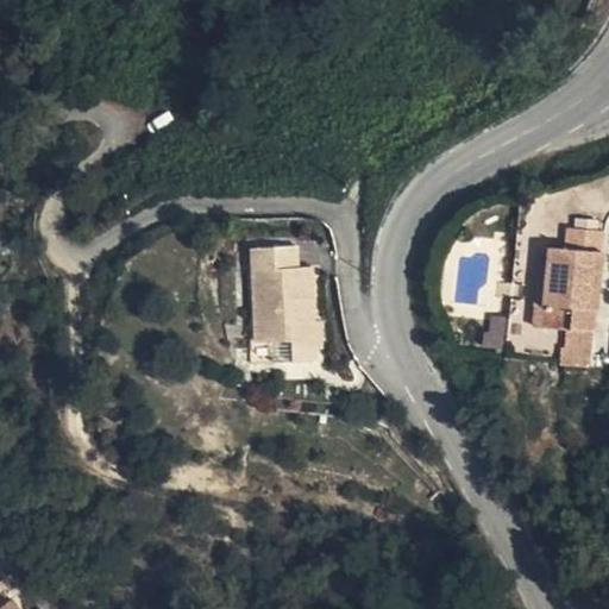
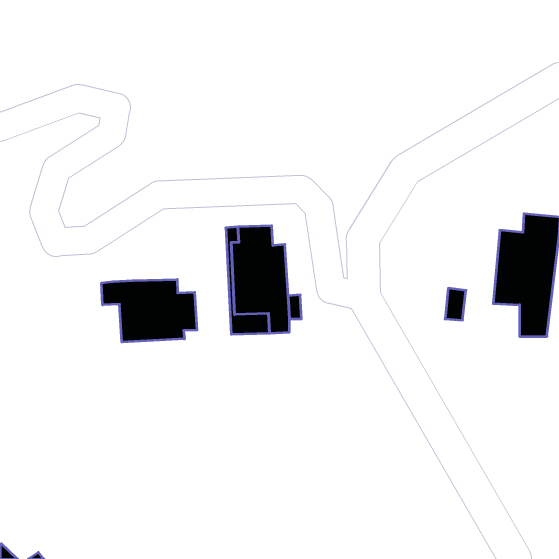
building: none -> [102,279,197,342]

